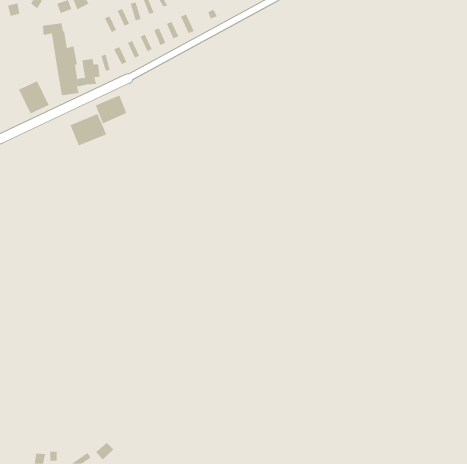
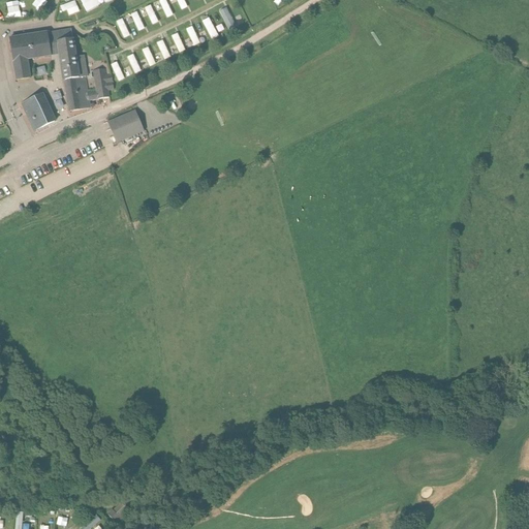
building: none -> [9,29,51,77]
building: [70,113,107,146] -> none

